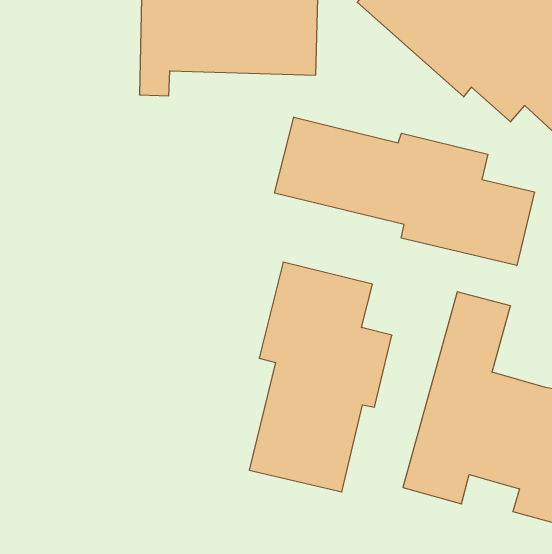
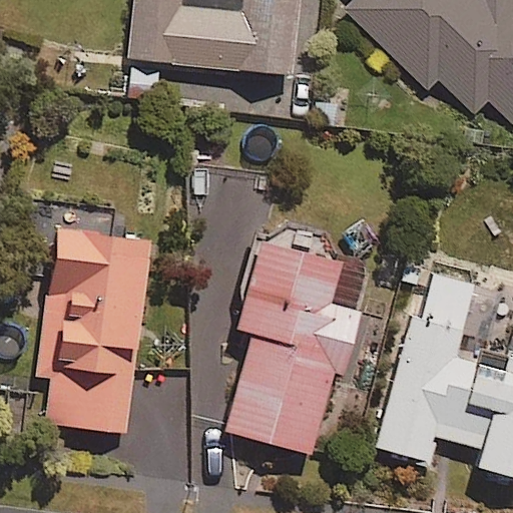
building: [275,117,534,266] -> none
building: none -> [34,199,145,434]

